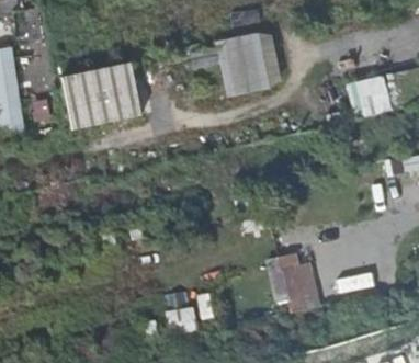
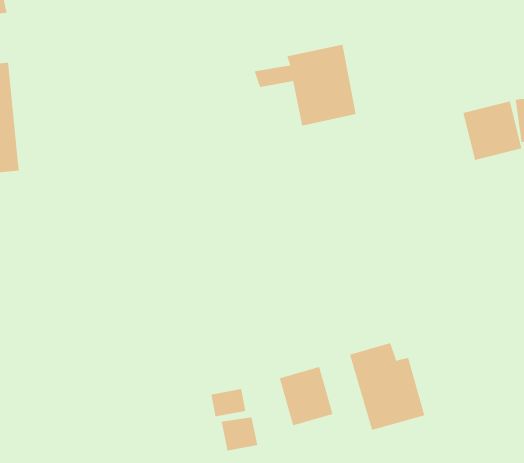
building: [61,61,143,129] -> none
building: none -> [279,366,333,426]

